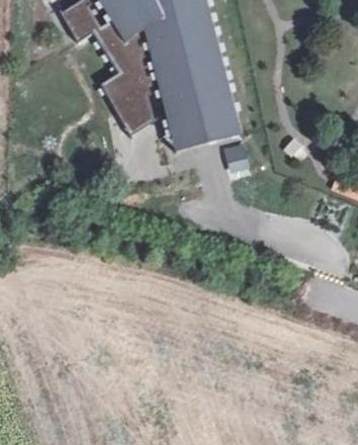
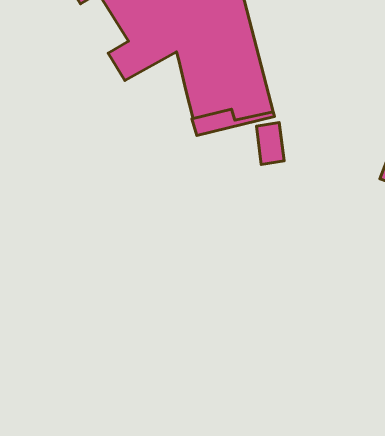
building: [114,78,160,127] -> none

